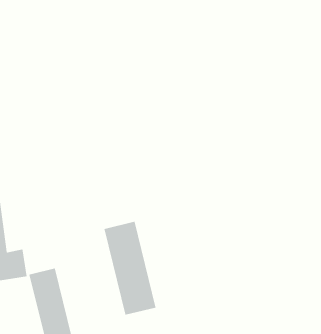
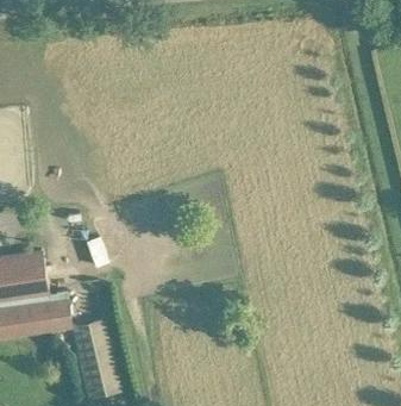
building: [104,221,156,316] -> none

